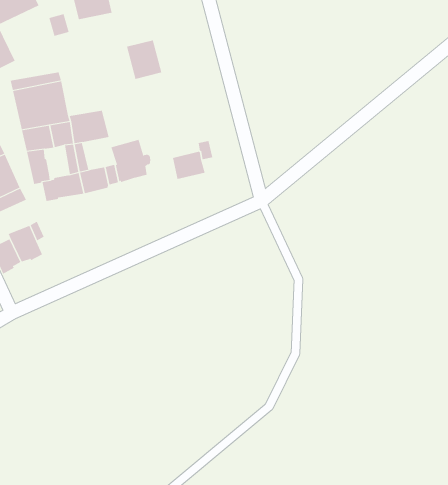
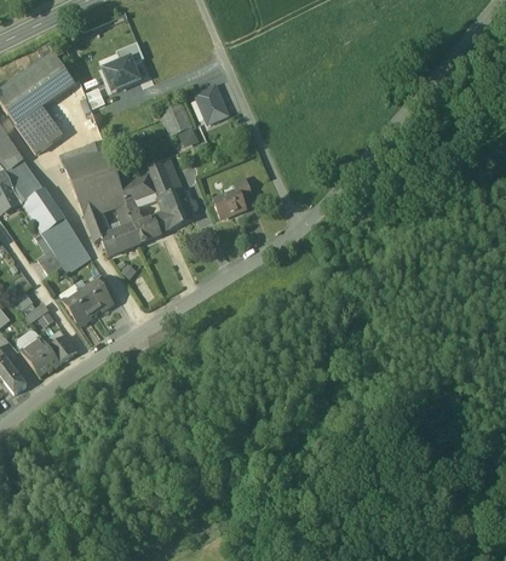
building: none -> [195,85,228,124]
building: none -> [145,156,182,199]

